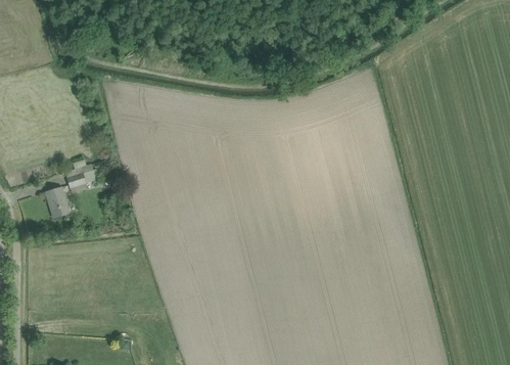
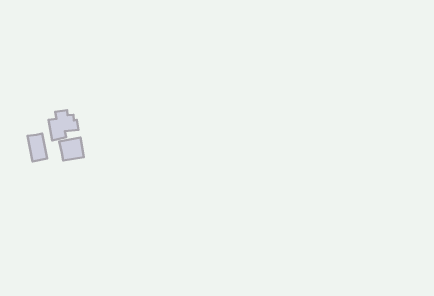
building: none -> [59,138,84,161]

